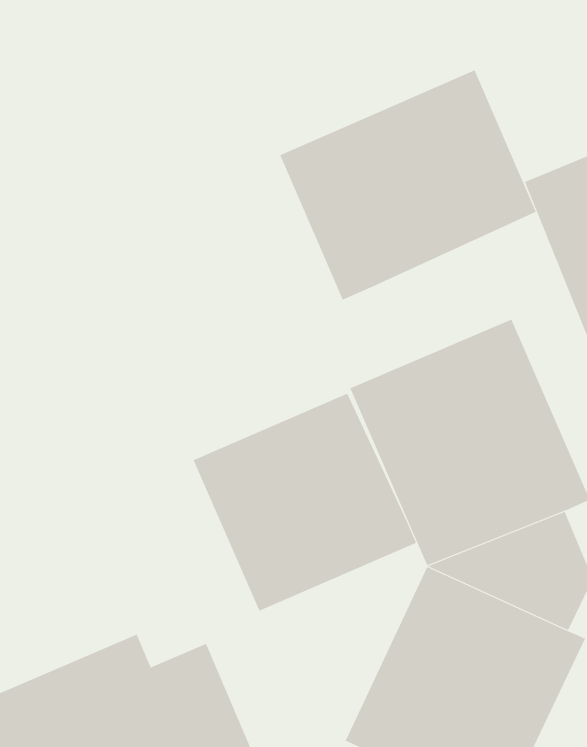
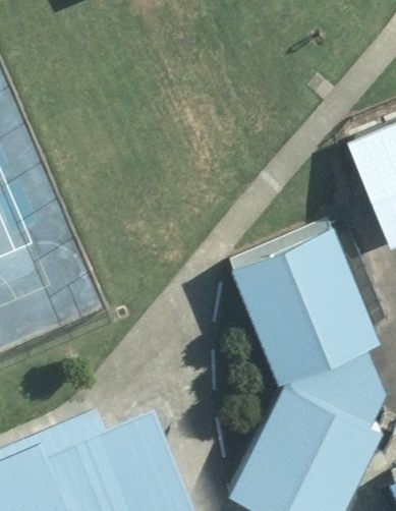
building: [280,69,537,300] -> none
building: [193,393,417,611] -> none

